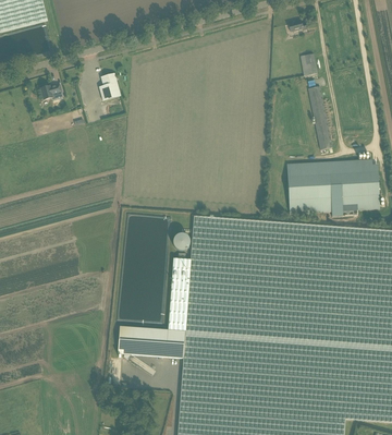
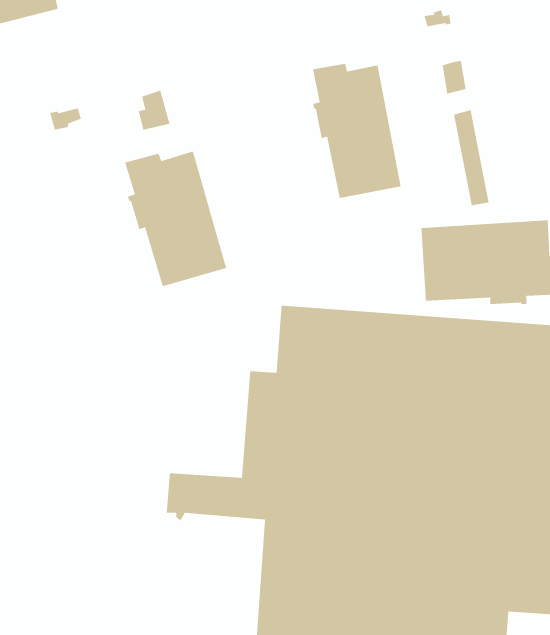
building: none -> [312,62,402,199]
building: none -> [124,151,227,287]

